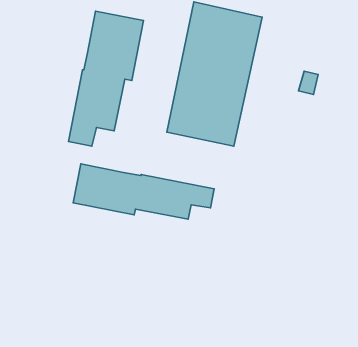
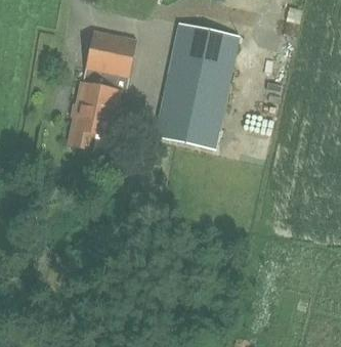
building: [73,164,214,219] -> none

